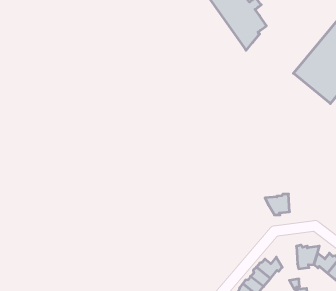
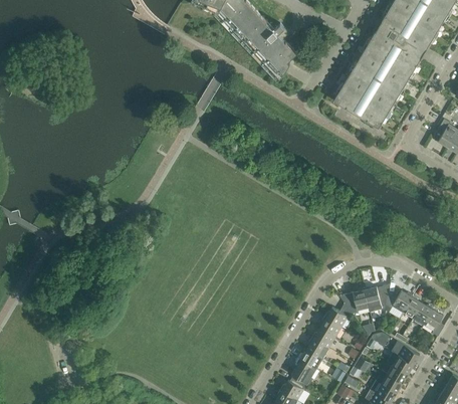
building: [265,194,290,215] -> [340,287,370,313]

